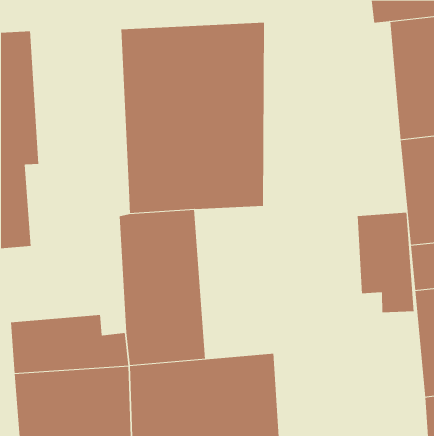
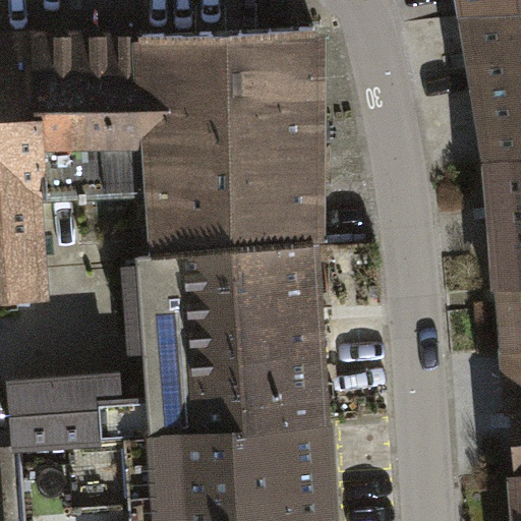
building: none -> [40,36,156,241]
building: none -> [235,246,330,428]
building: [357,212,414,313] -> none

